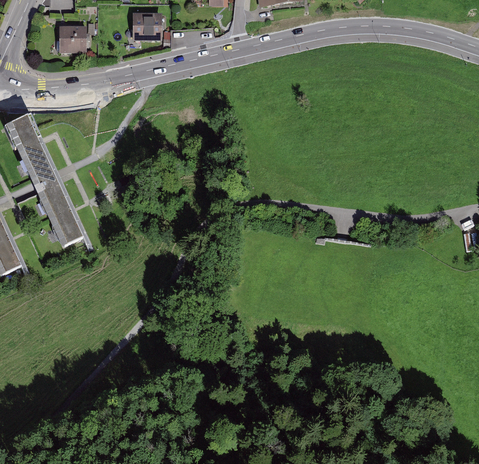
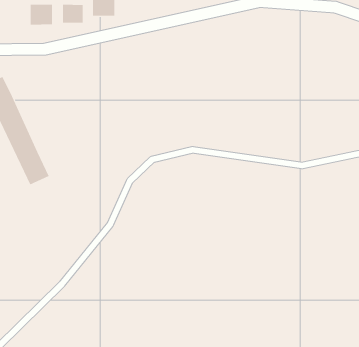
building: none -> [63,4,83,23]

